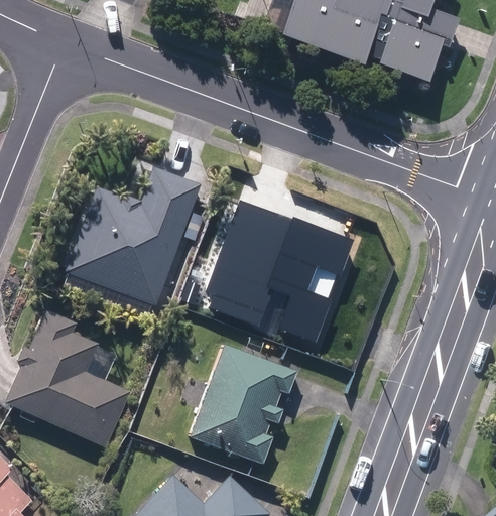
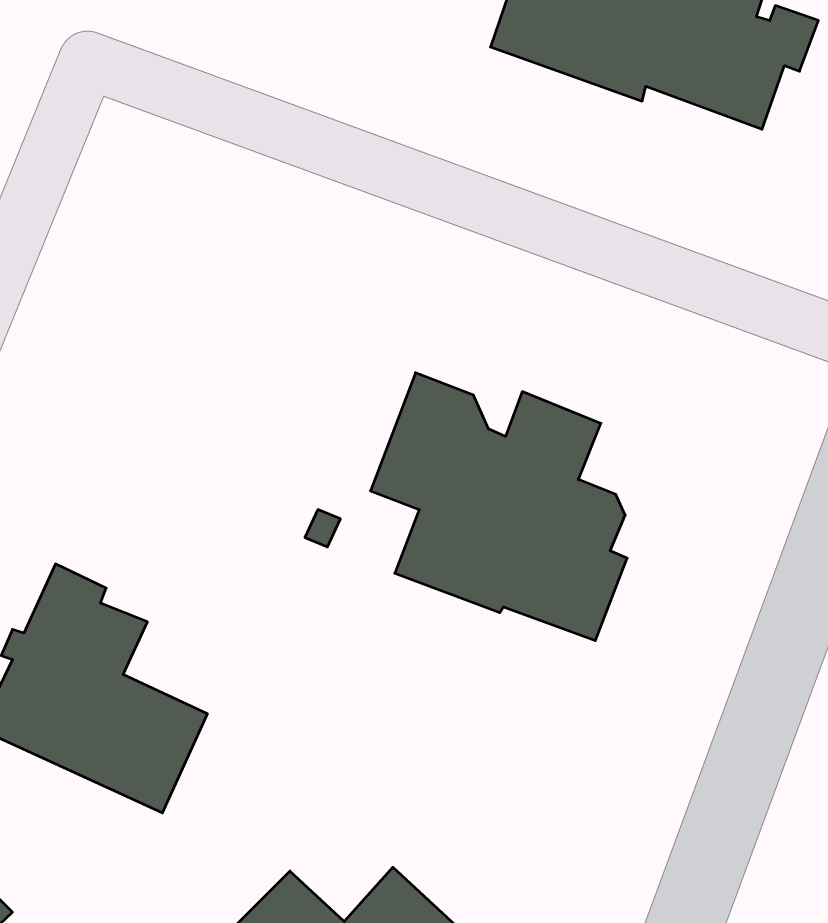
building: [67,169,200,306] -> none
building: [191,345,296,464] -> none

